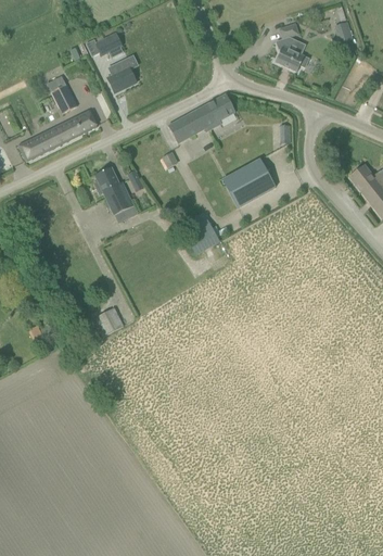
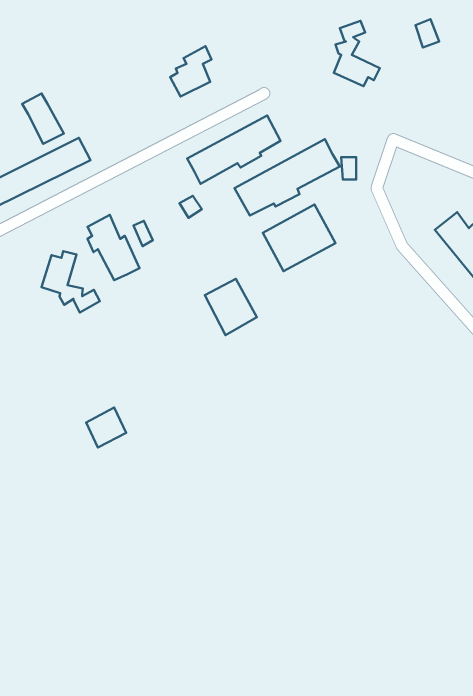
building: [85,33,122,55] -> none
building: [106,54,137,91] -> [170,46,212,97]
building: none -> [234,139,340,216]
building: none -> [41,251,100,312]

